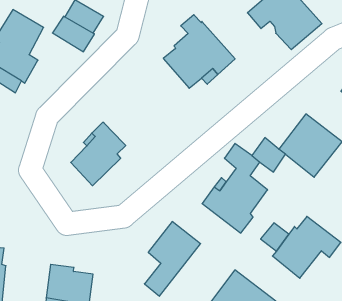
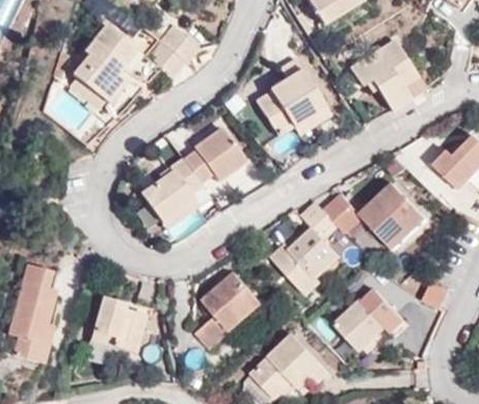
building: none -> [183,127,244,182]

